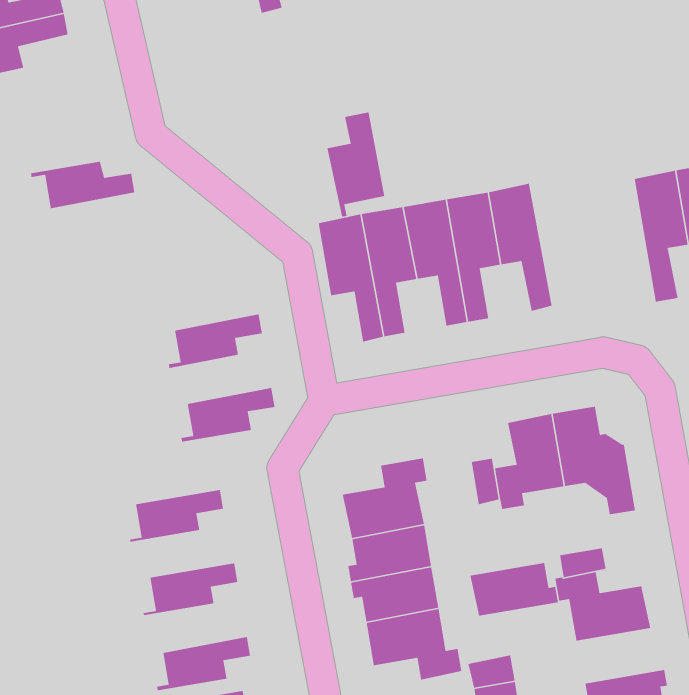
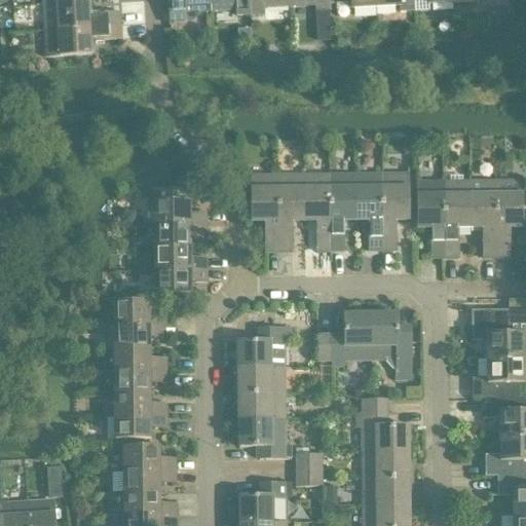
building: [327,111,385,218] -> none
building: [30,161,135,209] -> [147,199,208,223]
building: none -> [382,172,410,248]
building: none -> [417,180,445,256]
building: none -> [148,245,208,268]
building: none -> [107,299,166,323]
building: none -> [107,345,167,368]
building: [470,562,559,617] -> [363,450,413,476]
building: none -> [108,390,167,414]

